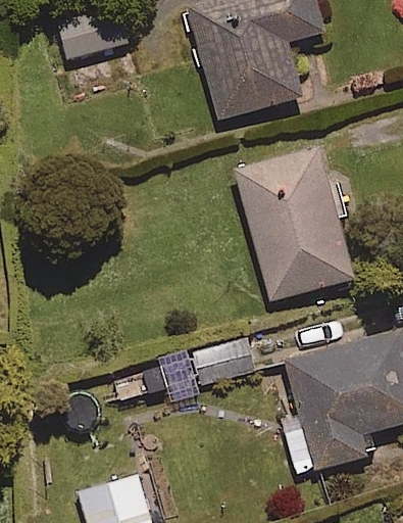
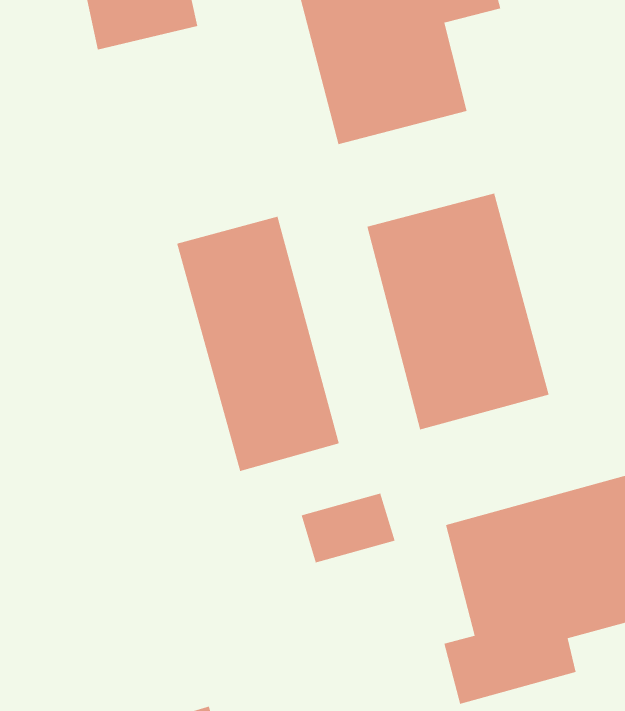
building: none -> [176,216,339,472]

